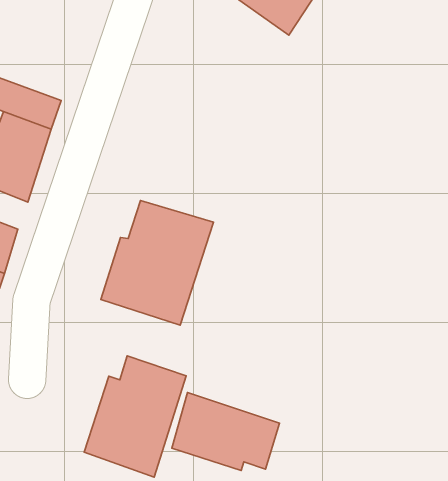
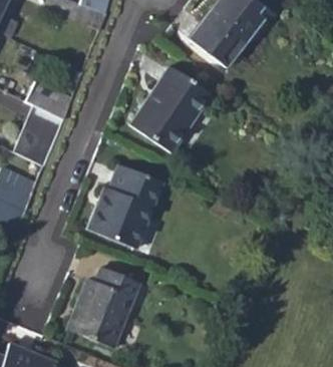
building: none -> [131,68,214,154]
building: [172,393,280,471] -> none

